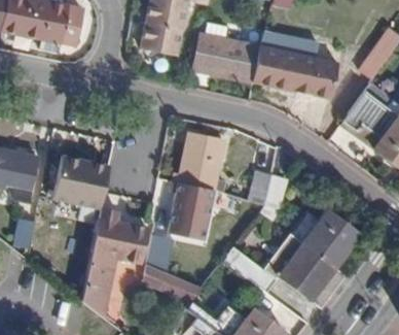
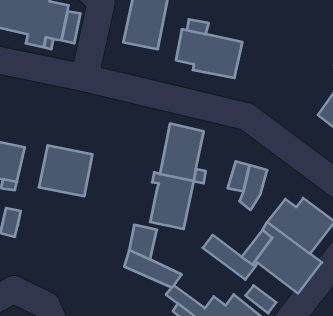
building: [256,31,339,92] -> none
building: [82,206,149,316] -> none

